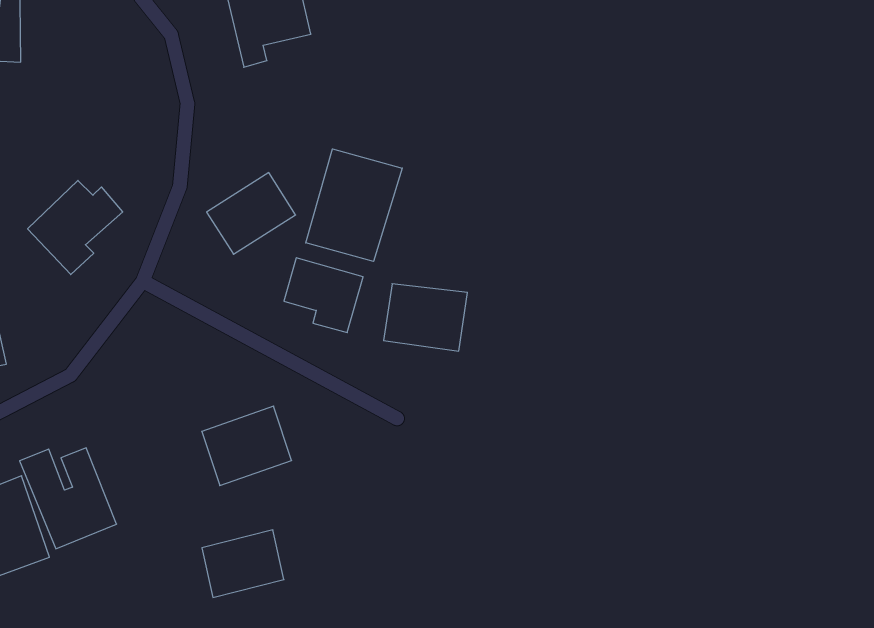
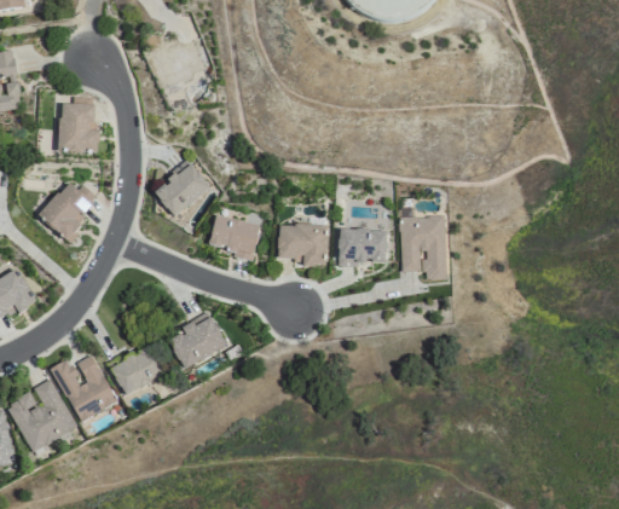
building: none -> [58,97,100,154]
building: [306,149,402,261] -> none
building: none -> [400,215,447,280]
building: none -> [339,229,387,265]
building: [202,530,284,597] -> [110,345,166,393]

